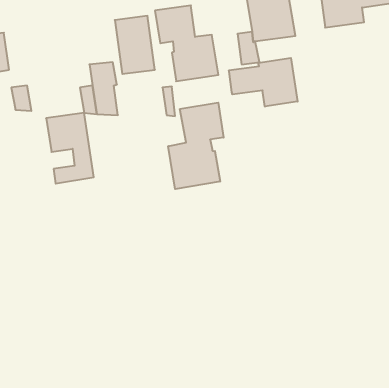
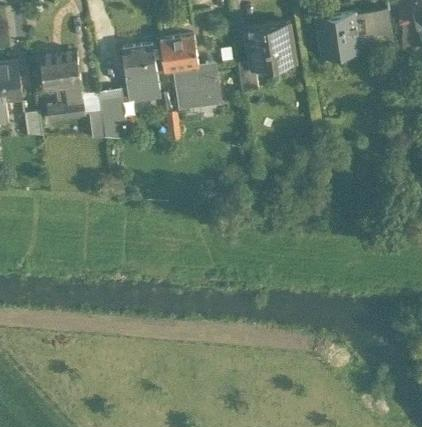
building: [229,58,298,107] -> none
building: [168,103,224,189] -> none
building: [46,113,94,184] -> [40,54,85,121]

